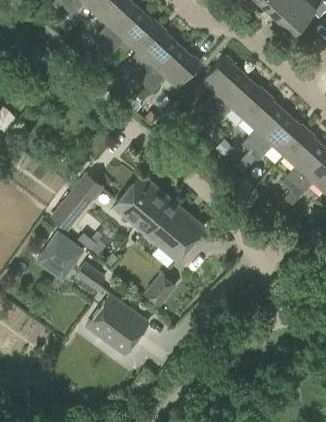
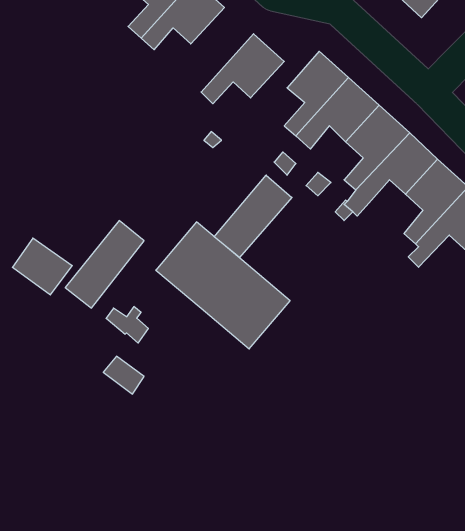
building: [134,26,179,84] -> none
building: none -> [214,175,292,258]
building: [42,232,83,271] -> [12,238,72,295]
building: [144,273,176,306] -> none
building: [86,294,148,355] -> none

